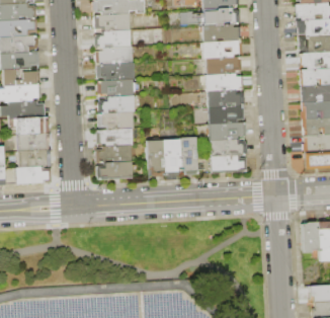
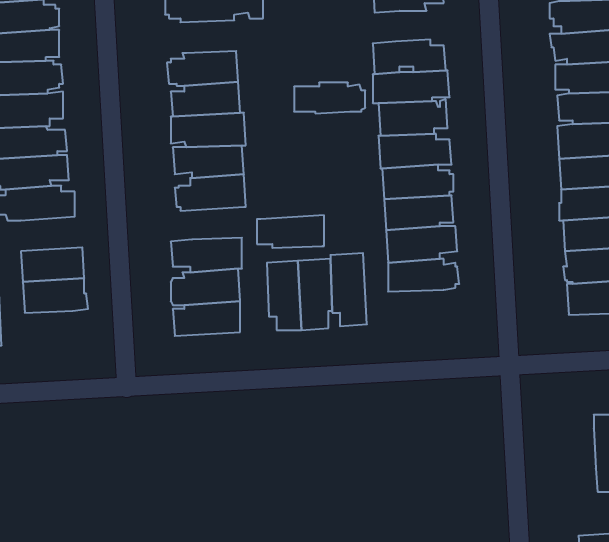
building: [202,8,240,24] -> [294,83,365,113]
building: [94,13,130,30] -> none
building: [98,111,134,129] -> [257,215,324,248]
building: [16,116,50,135] -> none
building: [210,155,247,173] -> none
building: [14,166,52,184] -> none
building: [302,222,319,252] -> none

